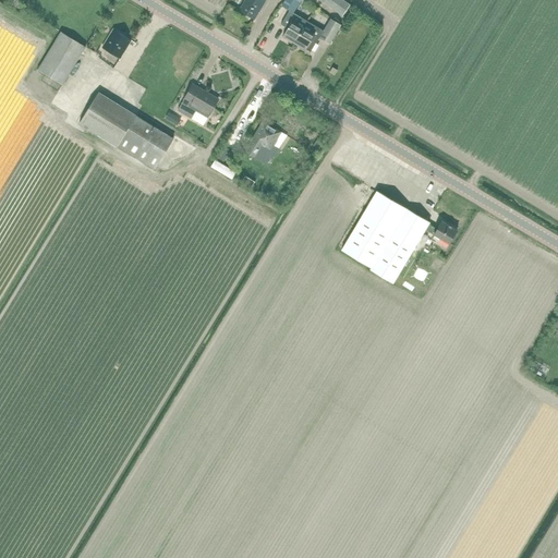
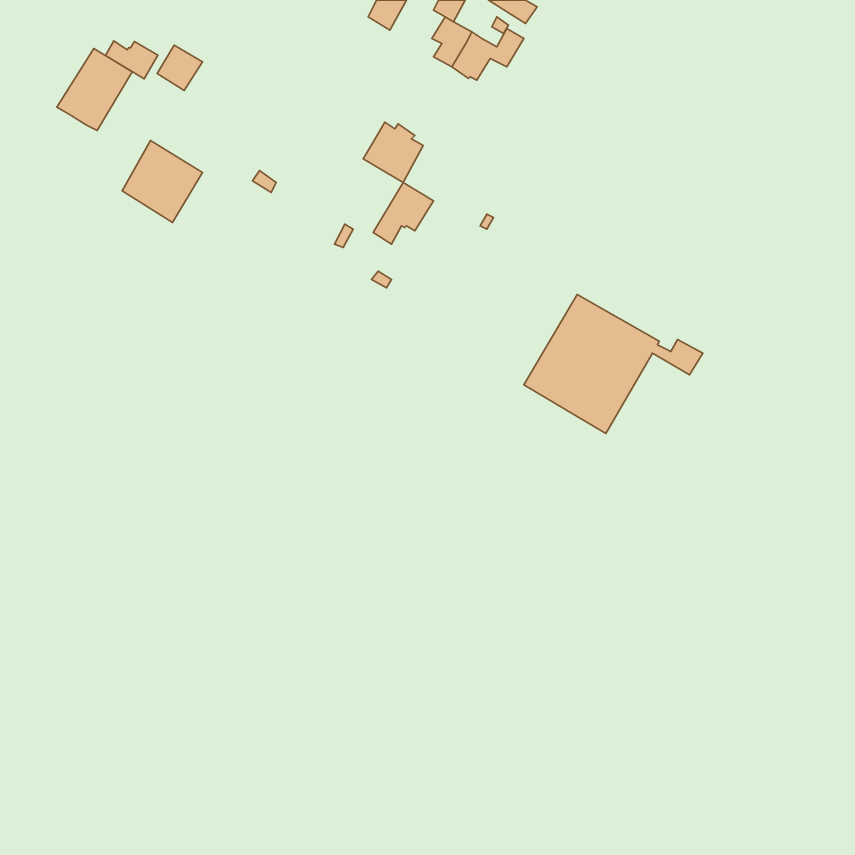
building: none -> [105,41,158,79]
building: [178,87,217,126] -> [363,122,423,182]
building: [112,112,174,170] -> none

